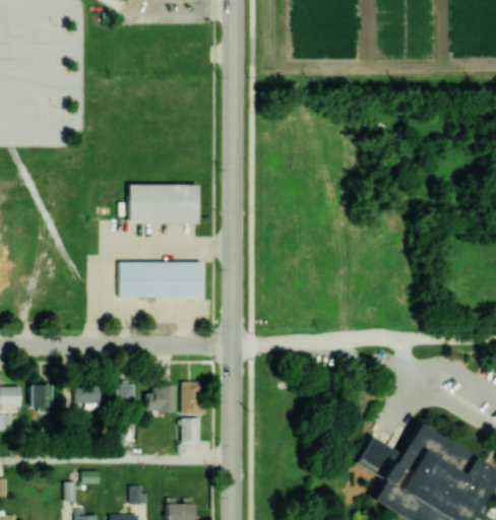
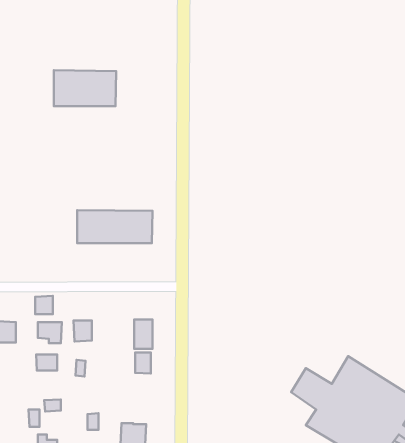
building: [129,184,198,223] -> [54,70,116,106]
building: none -> [35,296,53,314]
building: [148,385,175,411] -> none
building: none -> [36,355,57,370]

